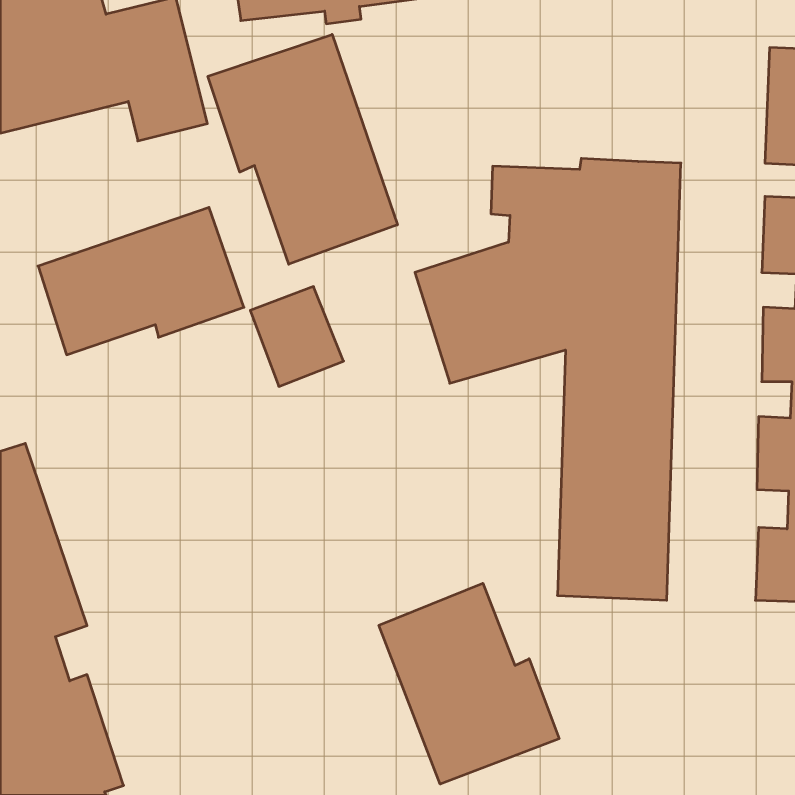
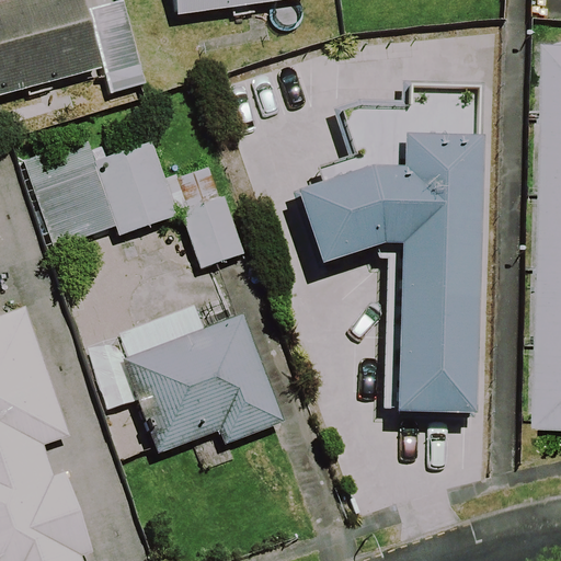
building: [208,34,397,264] -> none
building: none -> [119,304,282,449]
building: [379,583,559,784] -> none

